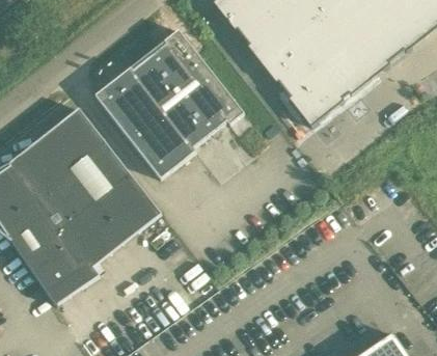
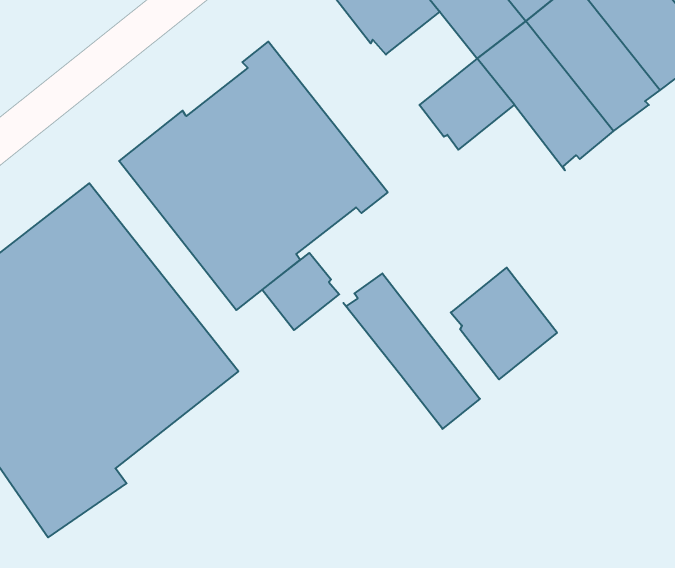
building: [243,11,294,63] -> none
building: [283,63,343,126] -> [451,268,557,379]
building: none -> [262,253,339,330]
building: none -> [343,273,480,429]

